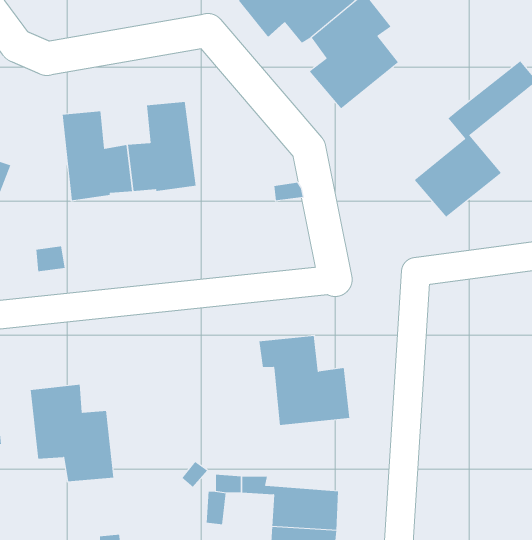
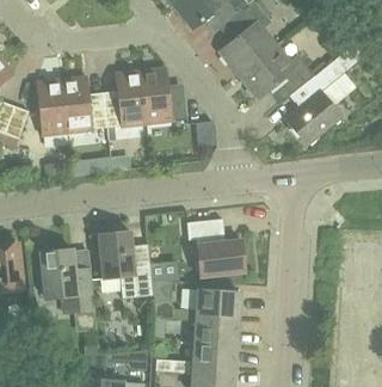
building: none -> [238,44,313,103]
building: none -> [138,67,185,123]
building: none -> [35,78,66,135]
building: none -> [96,232,152,299]
building: none -> [190,288,239,318]

